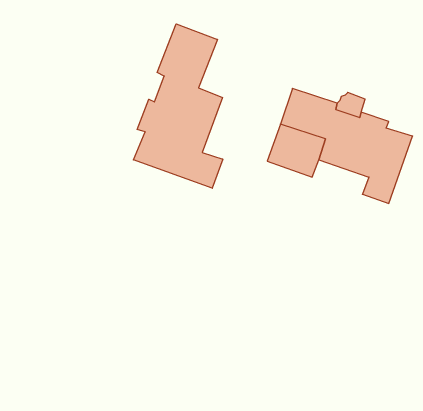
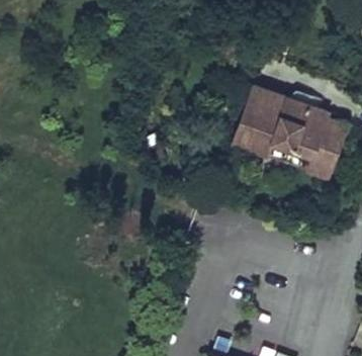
building: [133,24,223,188] -> none

